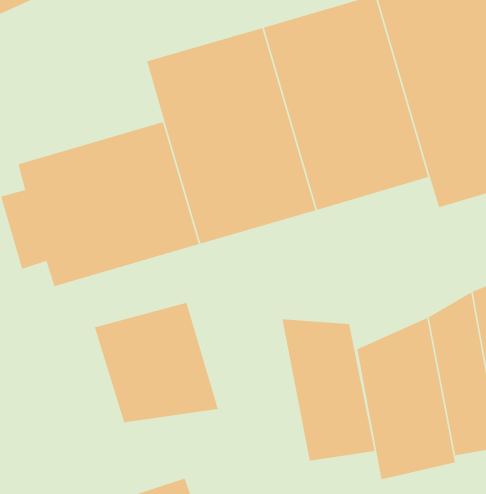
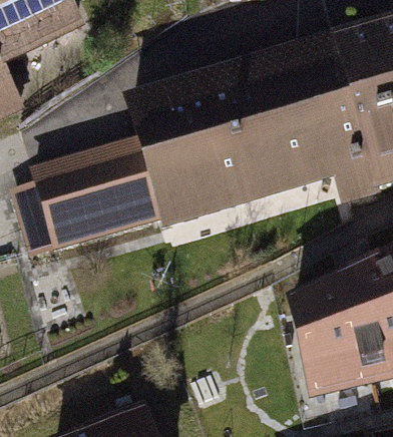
building: [94,302,219,423] -> none
building: [282,319,376,461] -> none

